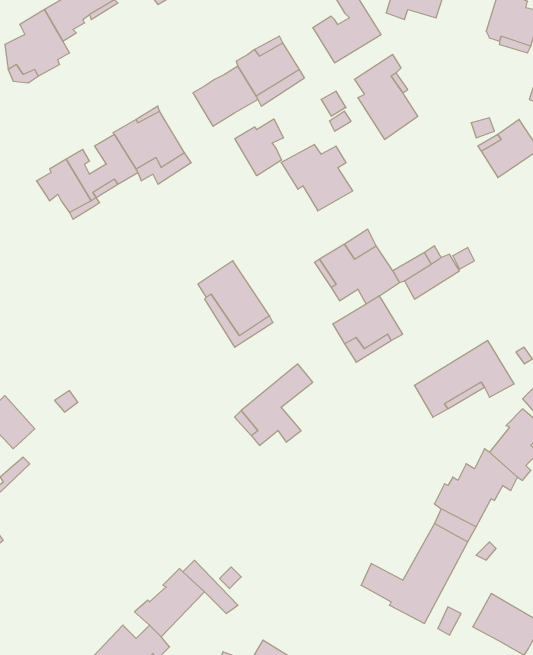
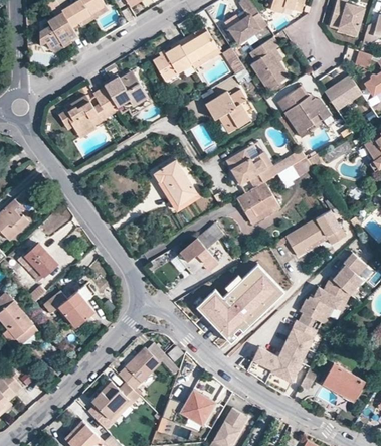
building: [235,119,283,176] -> none
building: none -> [275,88,328,140]
building: none -> [199,267,281,341]
building: none -> [43,283,93,327]

